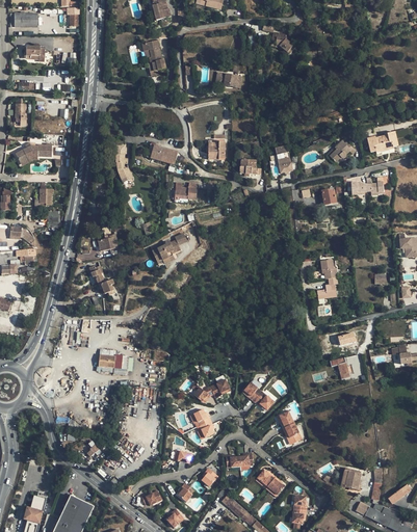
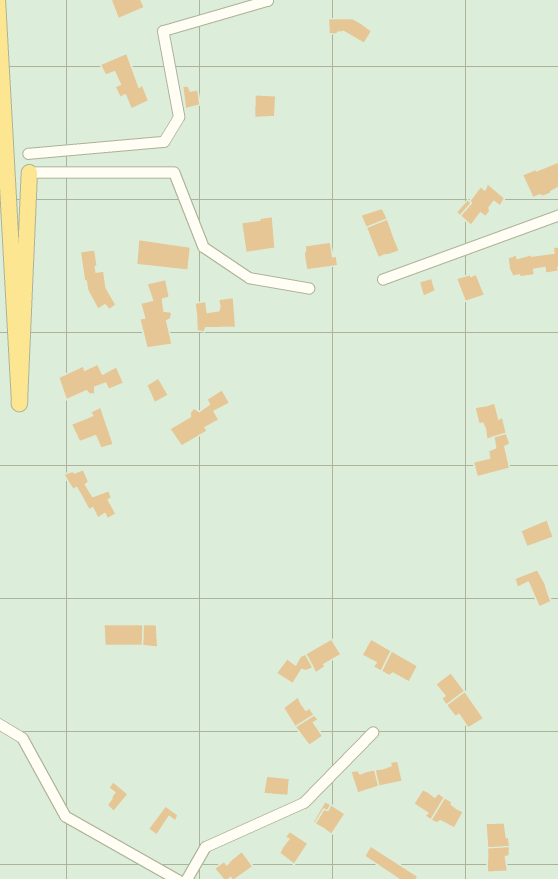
building: none -> [140,279,172,348]
building: none -> [58,364,124,400]

